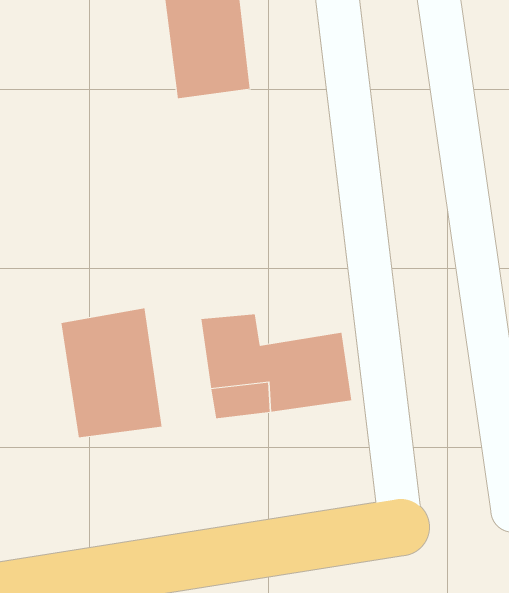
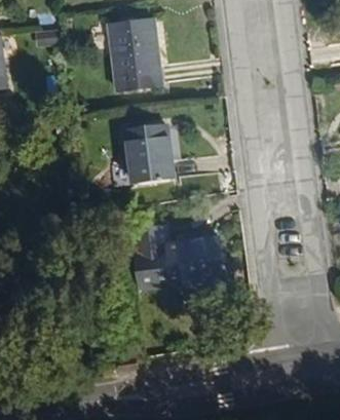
building: none -> [133,127,180,185]
building: [61,307,162,438] -> none

